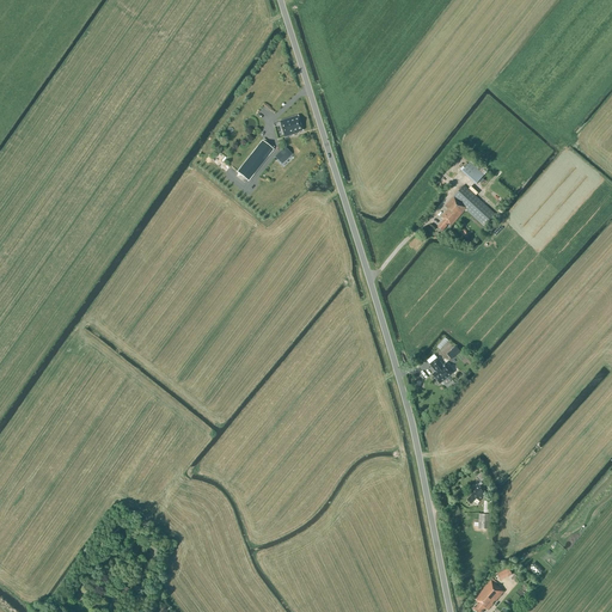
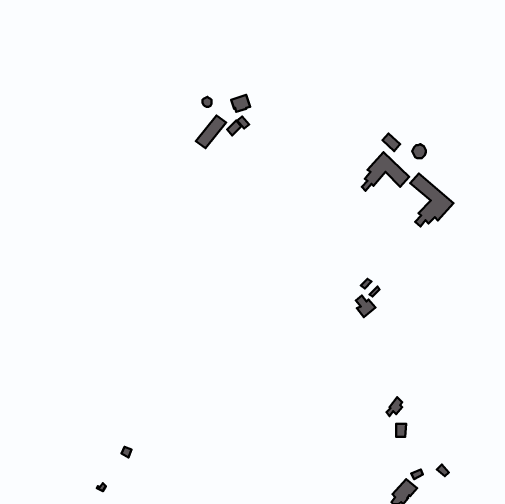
building: none -> [410,174,453,226]

